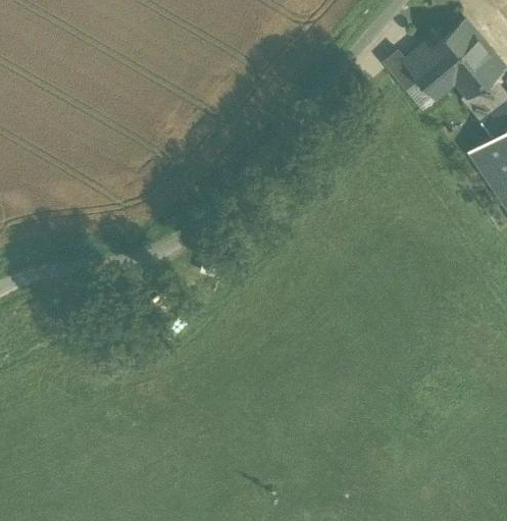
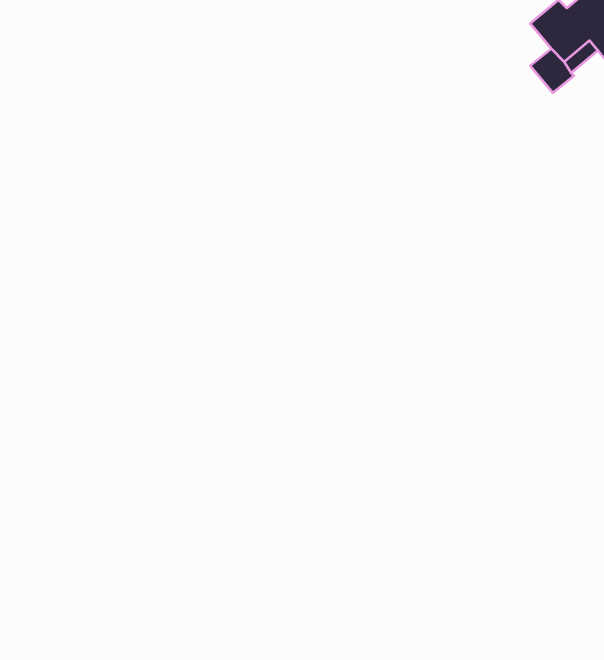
building: [383,48,422,90] -> none

